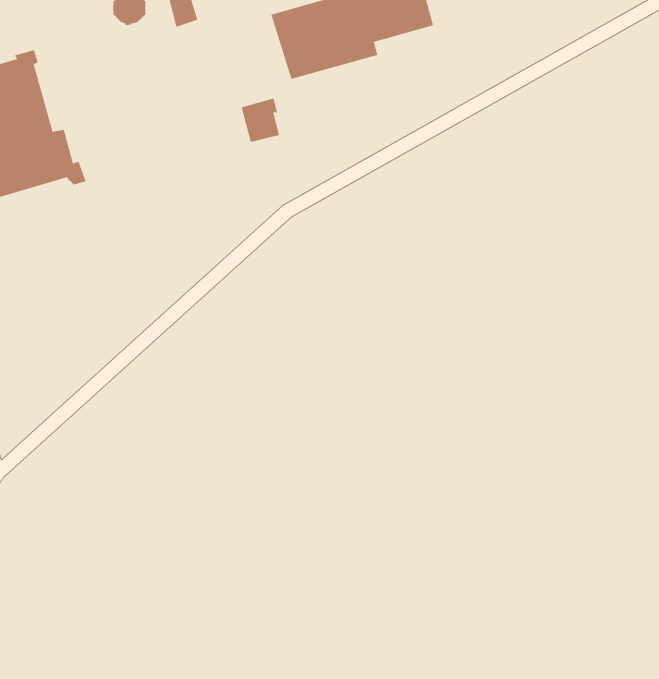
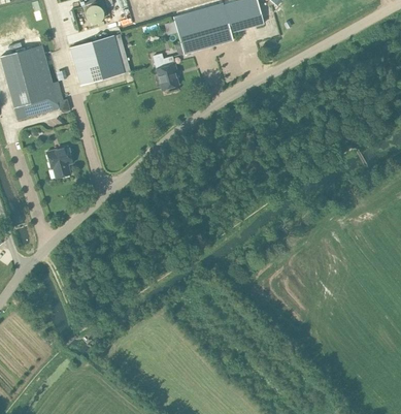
building: none -> [68,29,130,81]
building: none -> [45,140,72,172]

